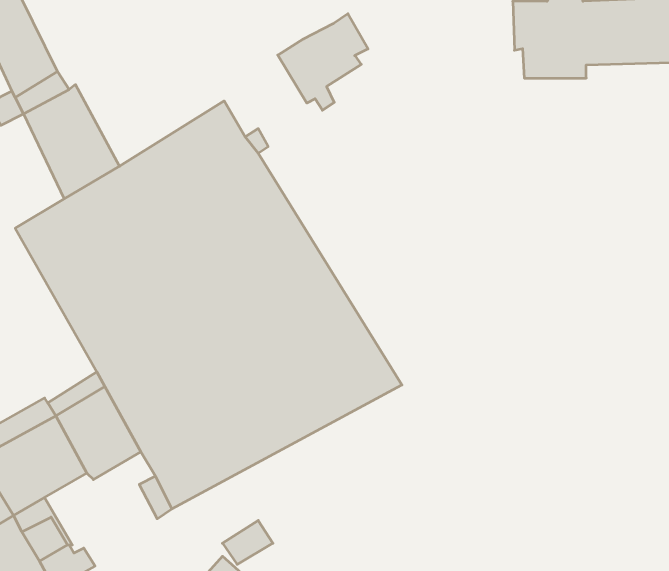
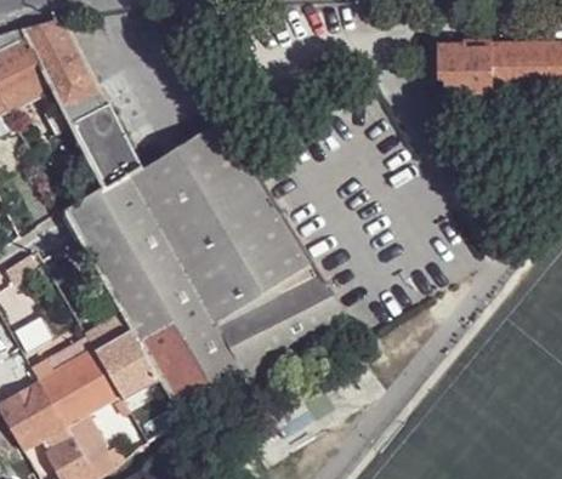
building: [278,14,368,110] -> none

